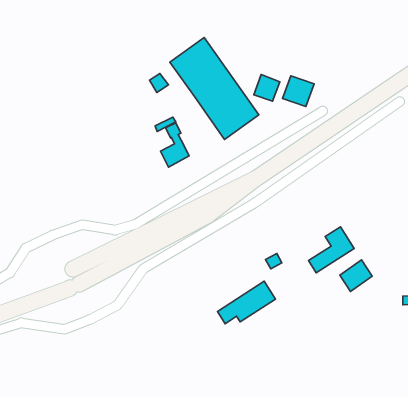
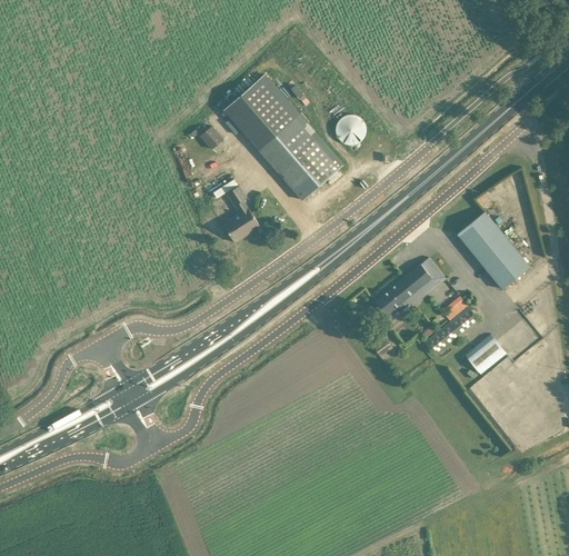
building: [282,76,314,107] -> none
building: none -> [456,211,529,289]
building: [218,281,275,324] -> [373,257,445,316]

